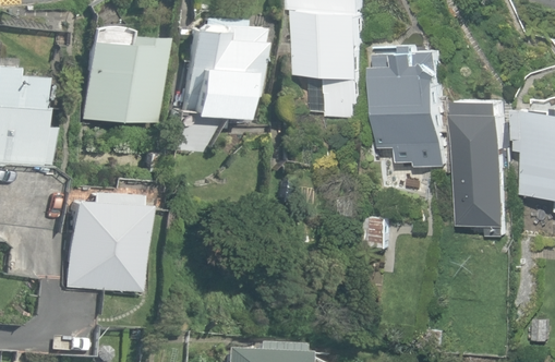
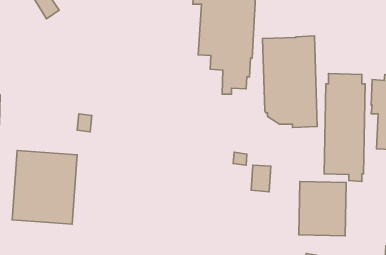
building: [181,24,257,118] -> none
building: [81,36,162,123] -> none
building: none -> [299,181,346,236]

